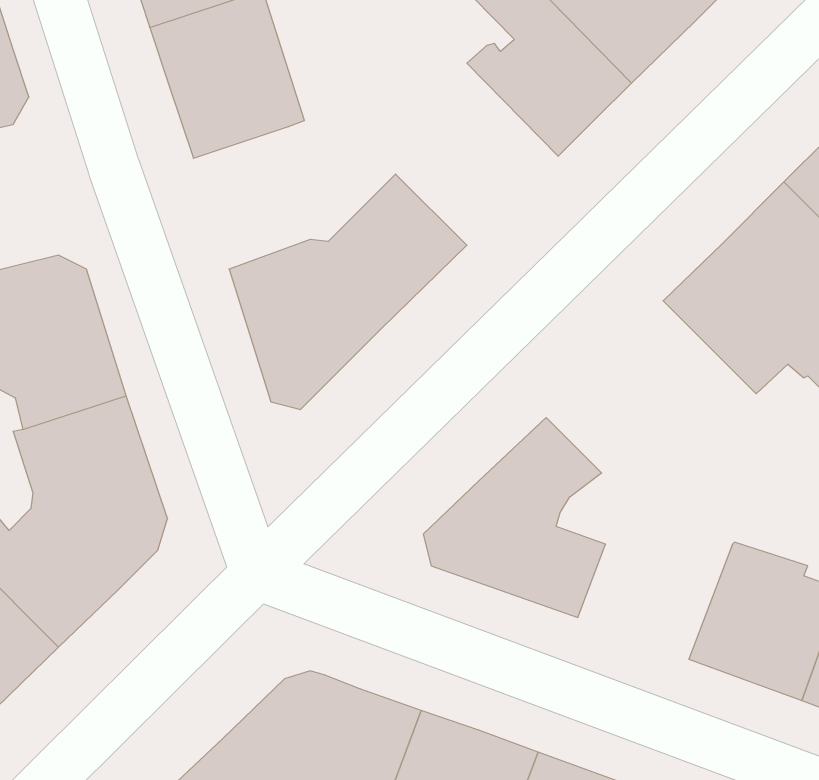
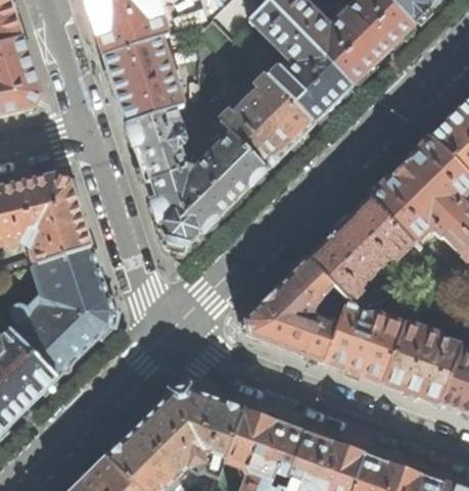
building: none -> [219,75,314,168]
building: none -> [126,107,186,181]
building: none -> [308,197,412,299]
building: none -> [324,306,404,382]

